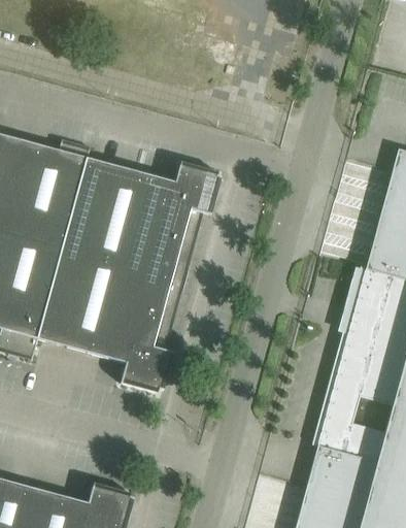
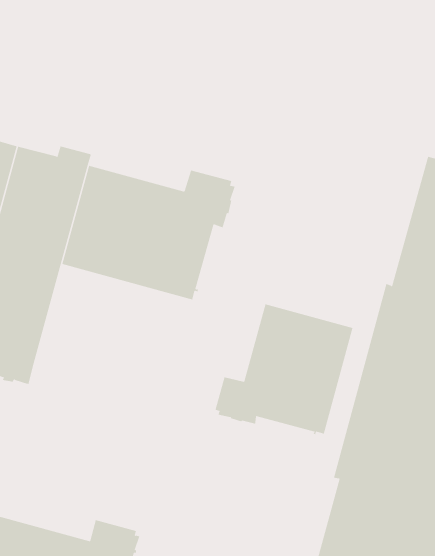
building: [37,250,183,394] -> none
building: none -> [215,303,353,435]

